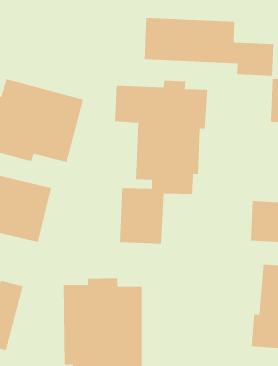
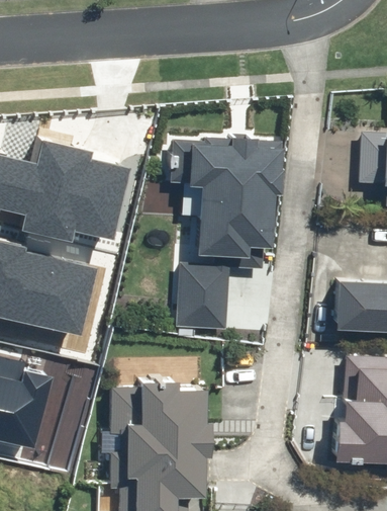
building: [144,17,274,76] -> none

